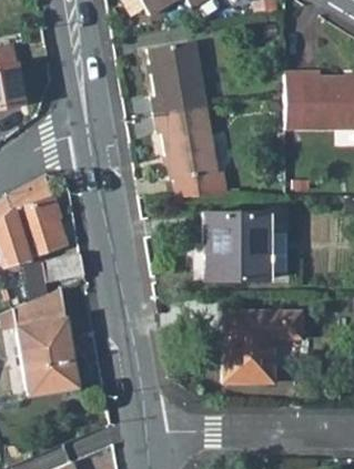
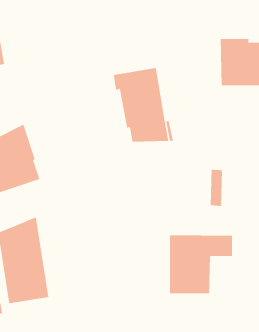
building: [148,42,208,116] -> none
building: [202,213,269,281] -> none
building: [22,255,84,303] -> none

